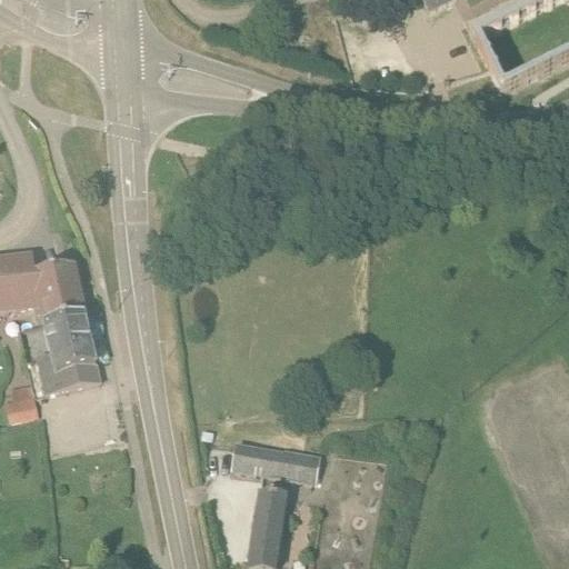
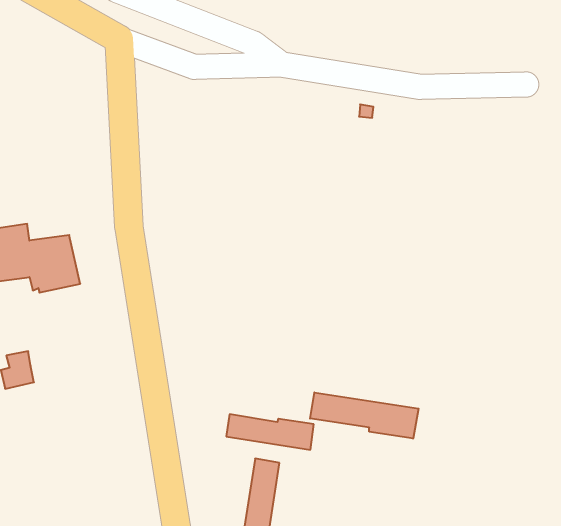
building: [37,315,100,393] -> none
building: none -> [310,392,419,439]

